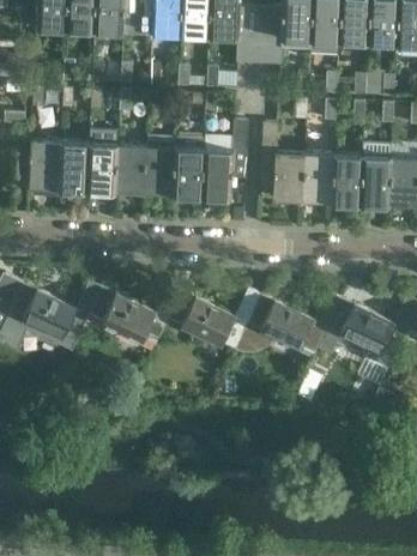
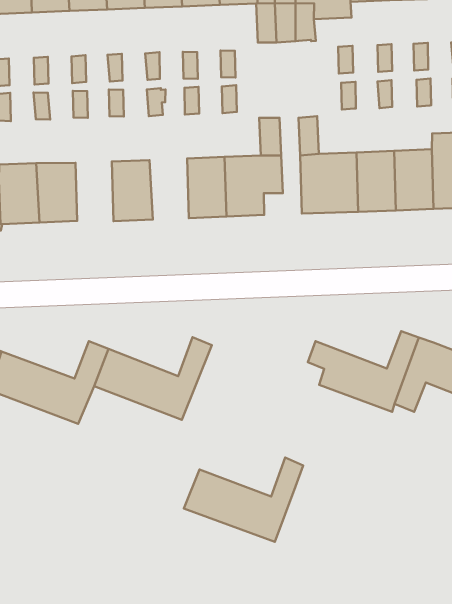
building: [89,146,119,193] -> none
building: [146,149,176,195] -> none
building: [169,290,262,353] -> [184,458,303,542]

